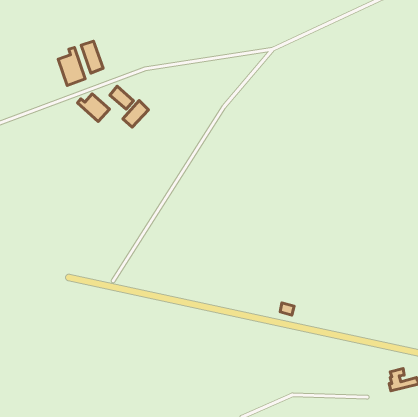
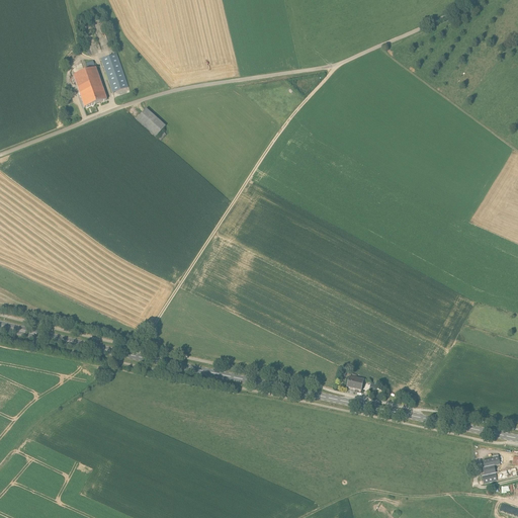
building: [78,94,110,121] -> none
building: [123,101,149,127] -> none

